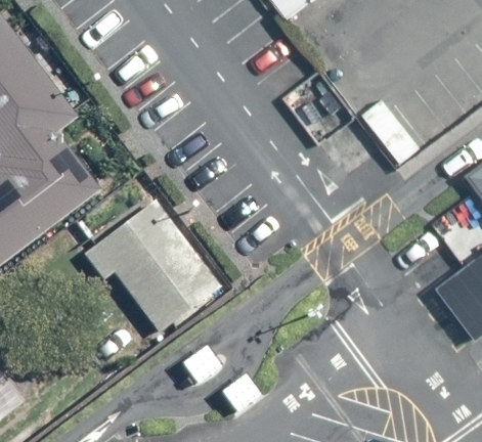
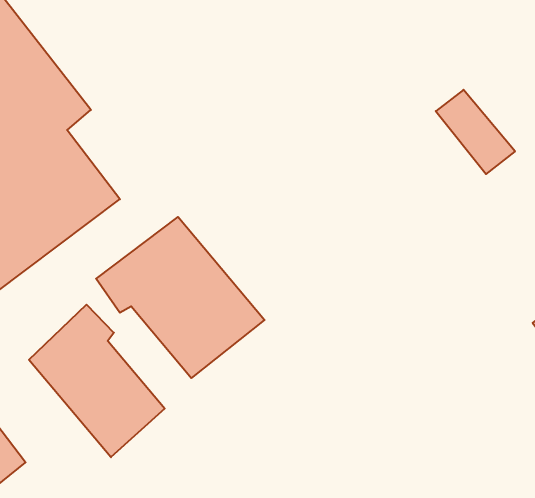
building: none -> [29,305,165,457]

